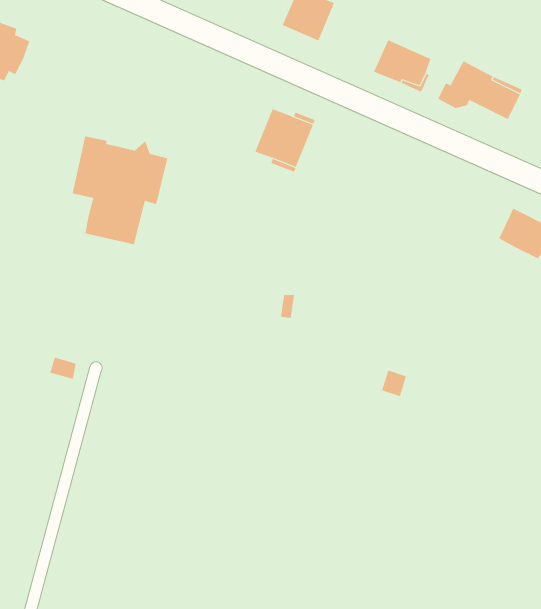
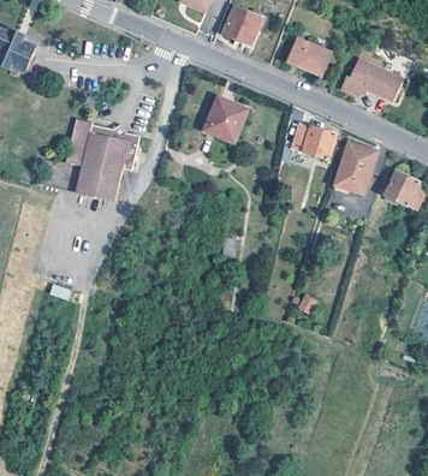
building: none -> [293,123,337,157]
building: none -> [335,142,378,194]

